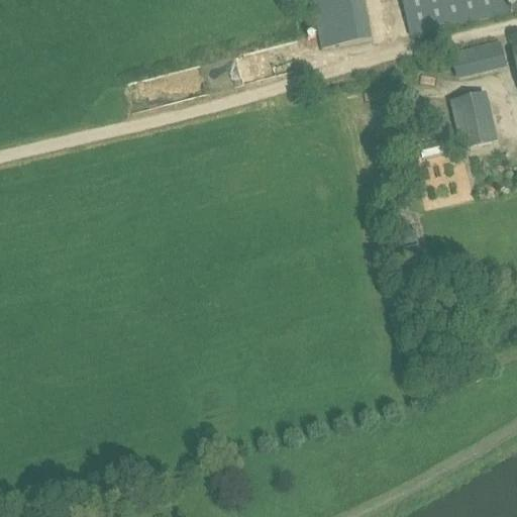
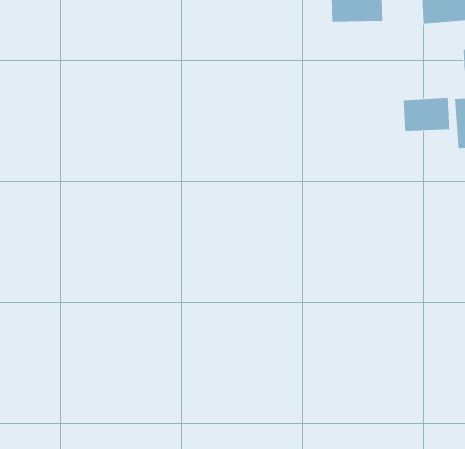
building: none -> [403,97,450,132]

